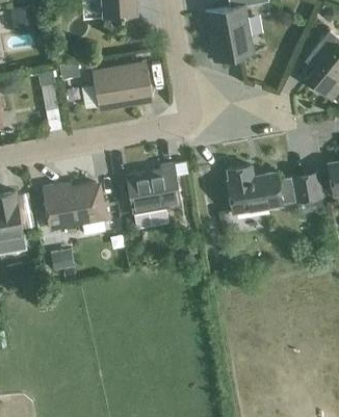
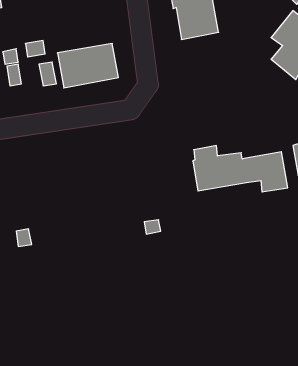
building: [126,162,181,226] -> none
building: [42,183,110,234] -> none

